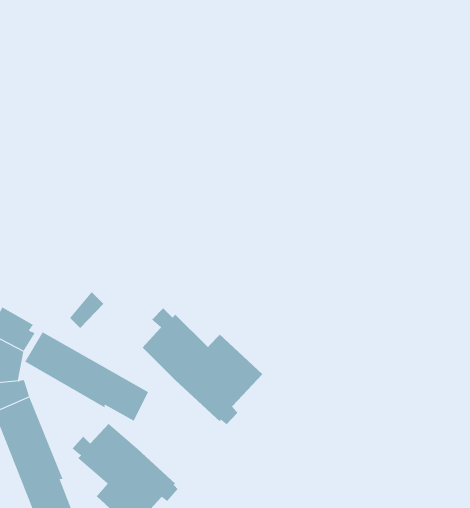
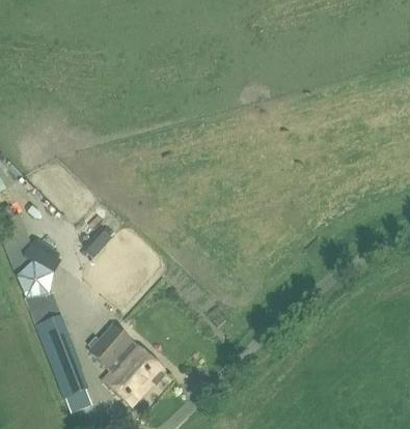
building: [142,307,263,425] -> none
building: [24,332,149,421] -> none

